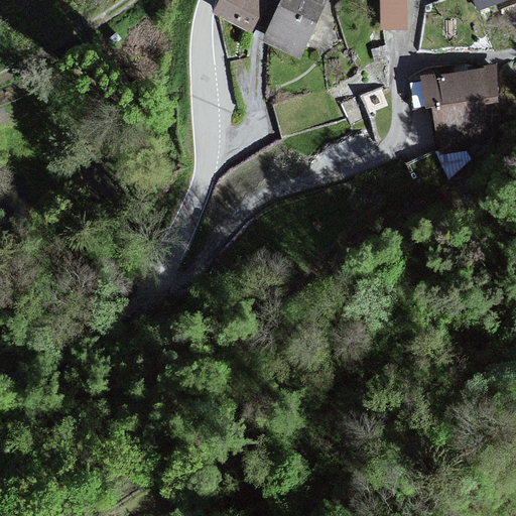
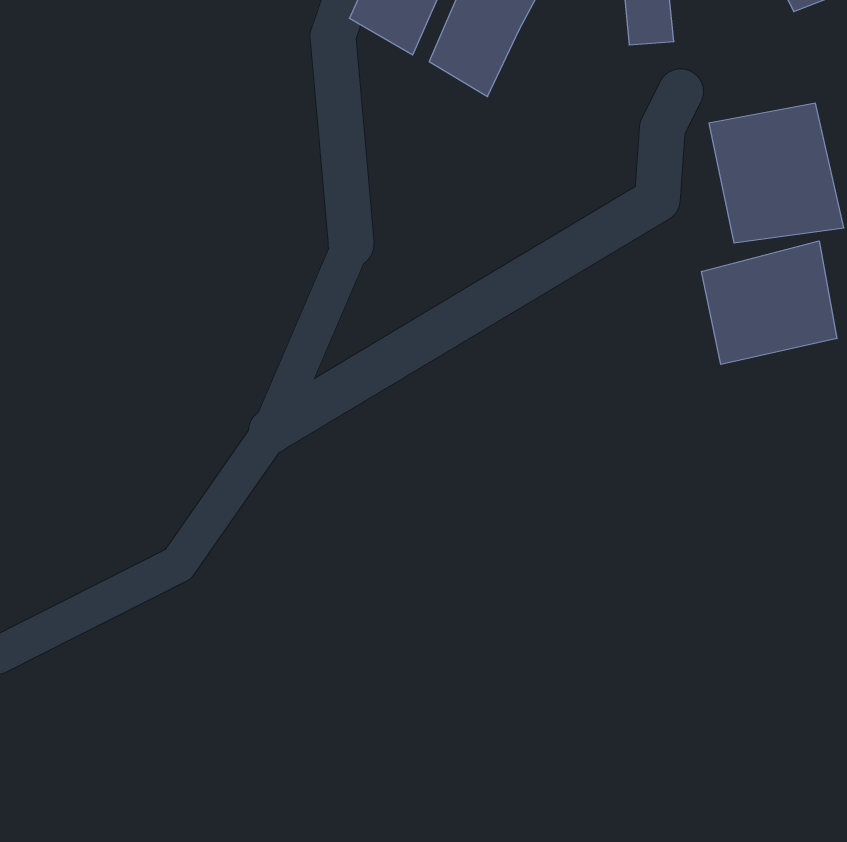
building: none -> [702,241,837,364]

